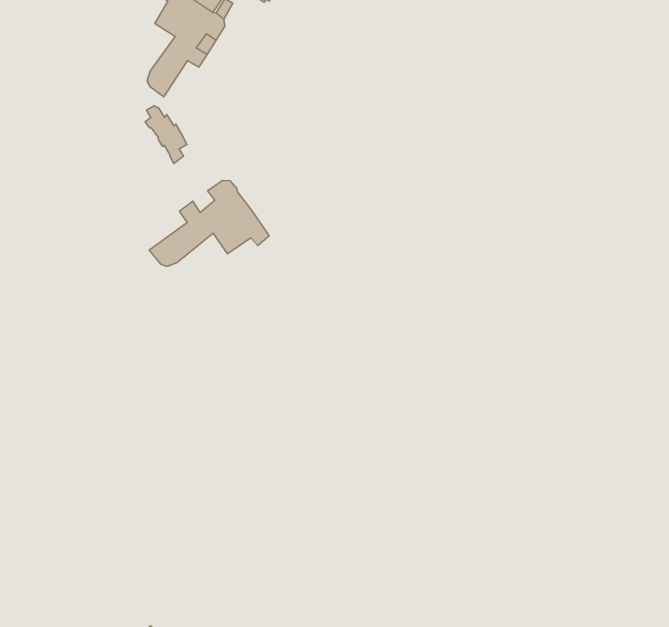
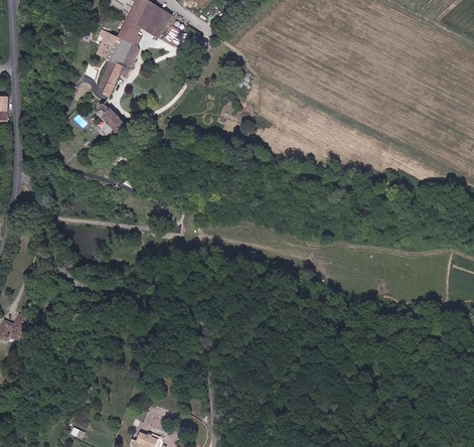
building: [149,181,269,266] -> none

